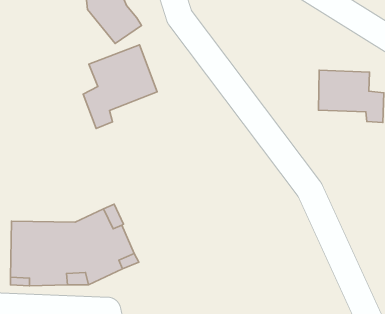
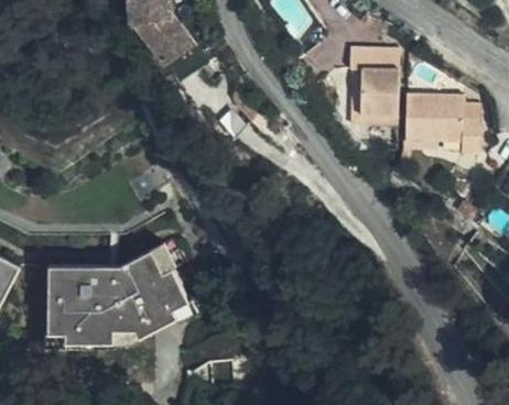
building: none -> [347,47,397,124]
building: [83,45,157,129] -> none

